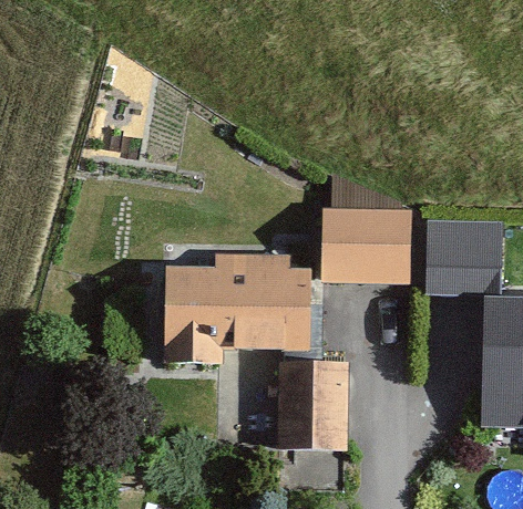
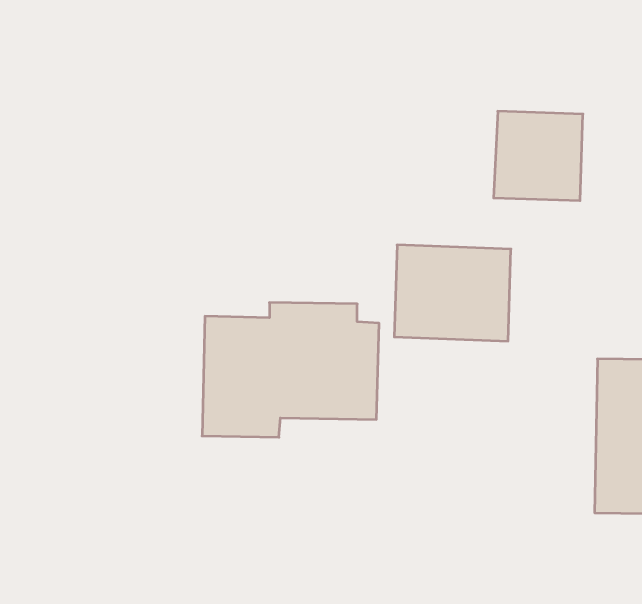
building: [425,220,498,292] -> [494,111,583,201]
building: [276,363,345,451] -> none

